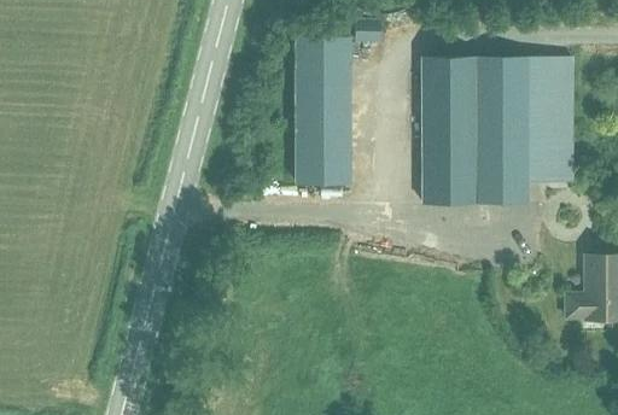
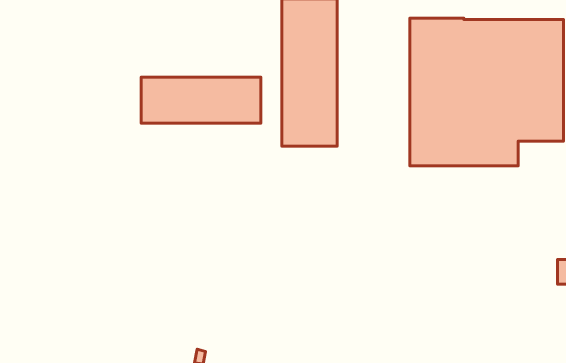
building: none -> [141,77,261,123]

